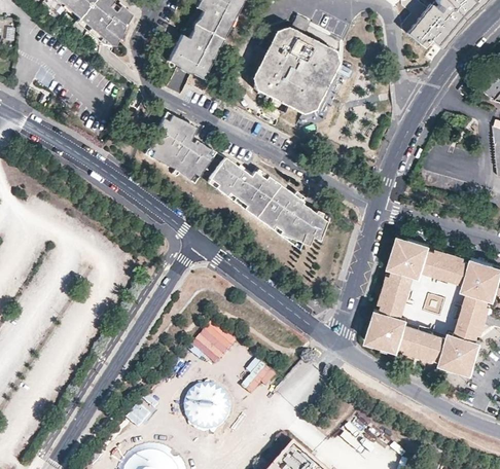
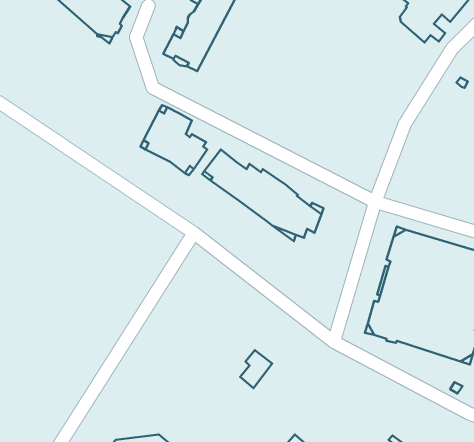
building: [253,14,341,113] -> none
building: [193,319,239,363] -> none
building: [189,384,231,429] -> none

